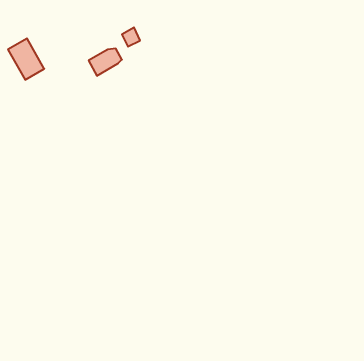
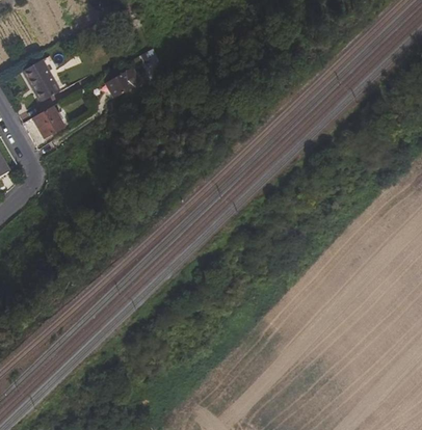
building: none -> [31,105,63,138]

